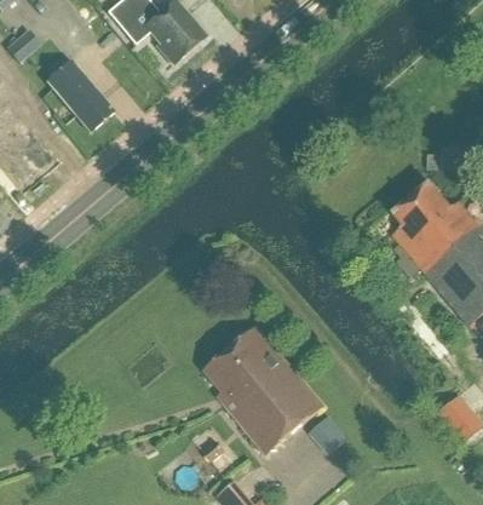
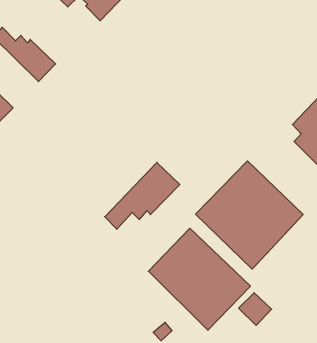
building: none -> [105,162,180,229]
building: none -> [196,161,303,269]

